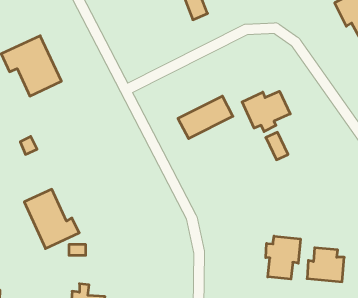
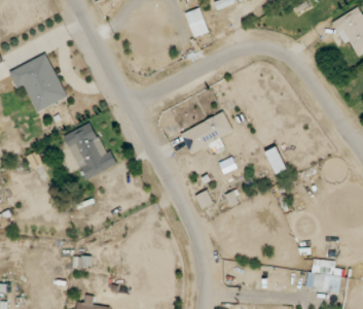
building: [242,91,290,132] -> none
building: [24,189,79,249] -> [64,123,117,180]
building: [266,236,300,279] -> none

